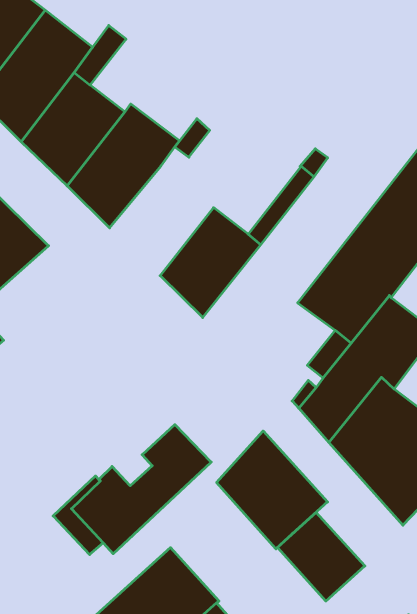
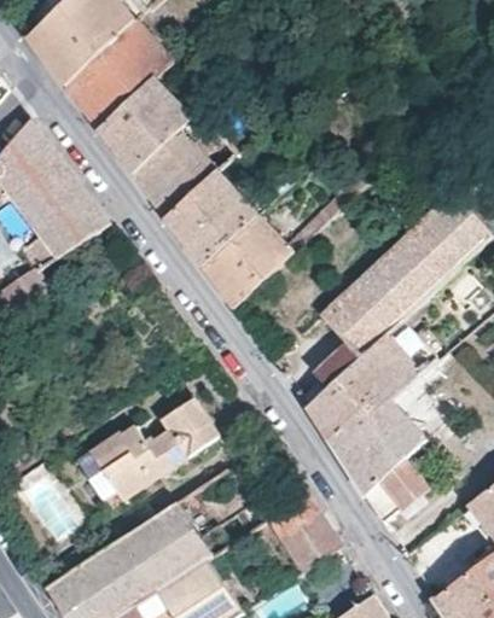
building: none -> [164,171,257,267]
building: [217,431,328,549] -> none

